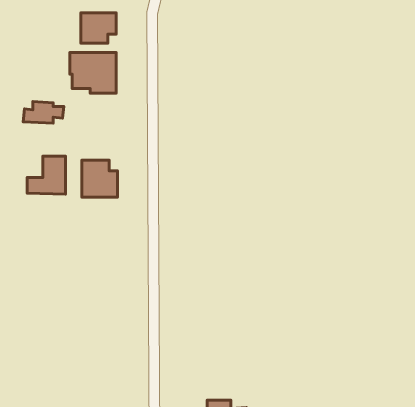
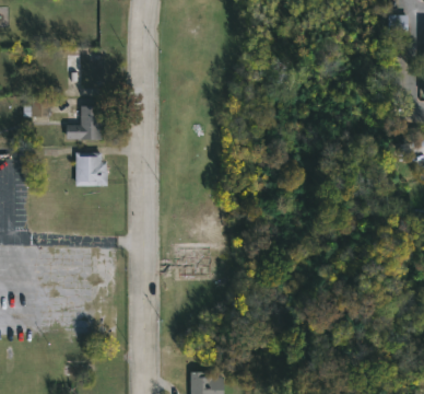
building: [81,13,116,43] -> none
building: [27,156,65,194] -> [70,105,105,140]

